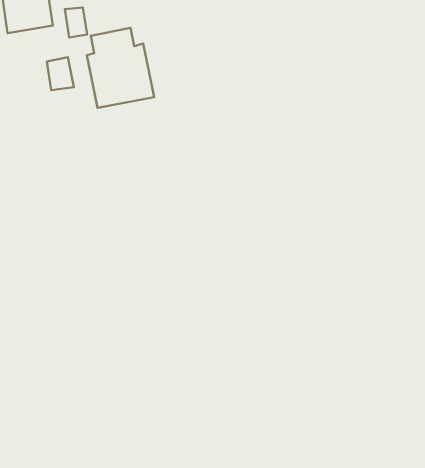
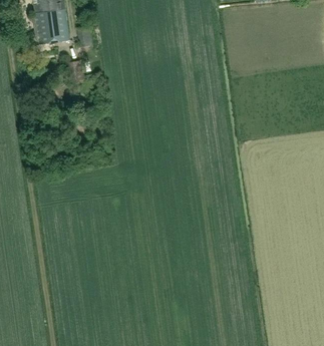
building: [87,28,154,108] -> none

